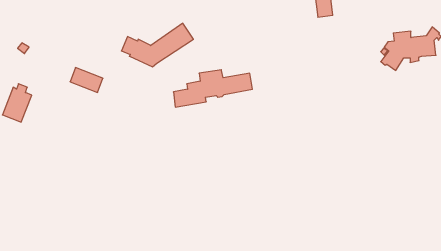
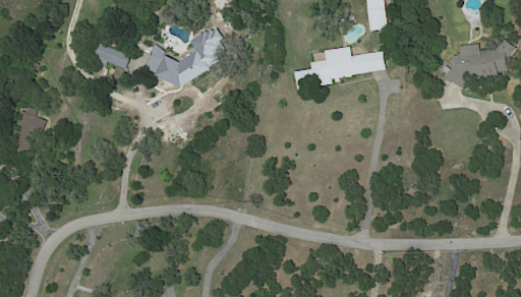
building: [70,68,103,92] -> [94,42,131,70]
building: [173,70,252,107] -> [295,45,386,87]

